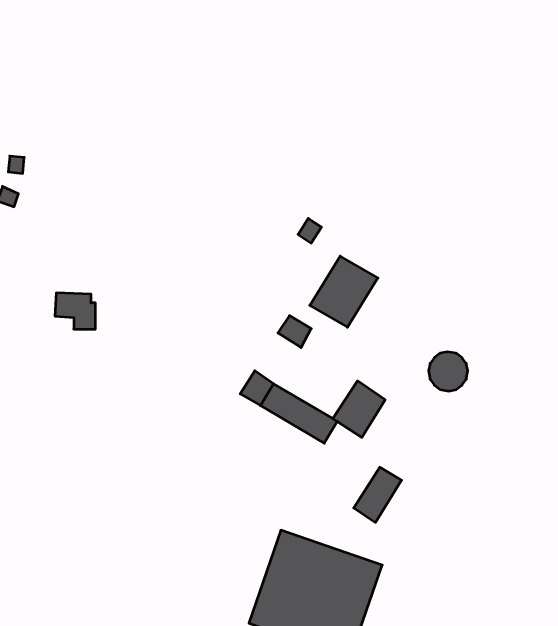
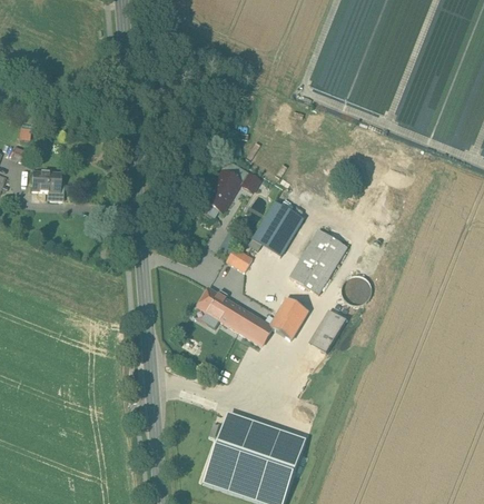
building: none -> [205,169,241,210]
building: none -> [289,227,347,293]
building: [55,293,95,329] -> [32,171,63,199]
building: [354,467,402,522] -> [309,309,346,352]

